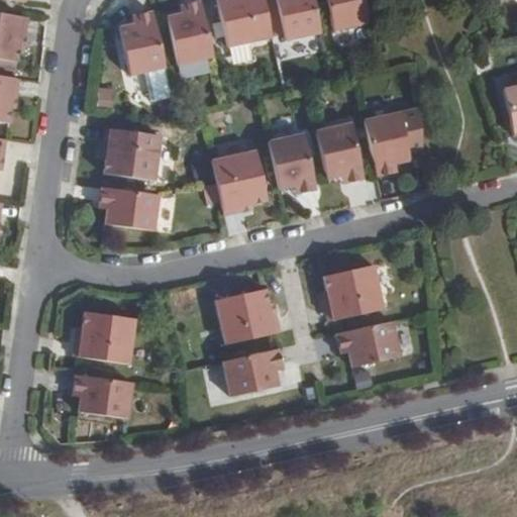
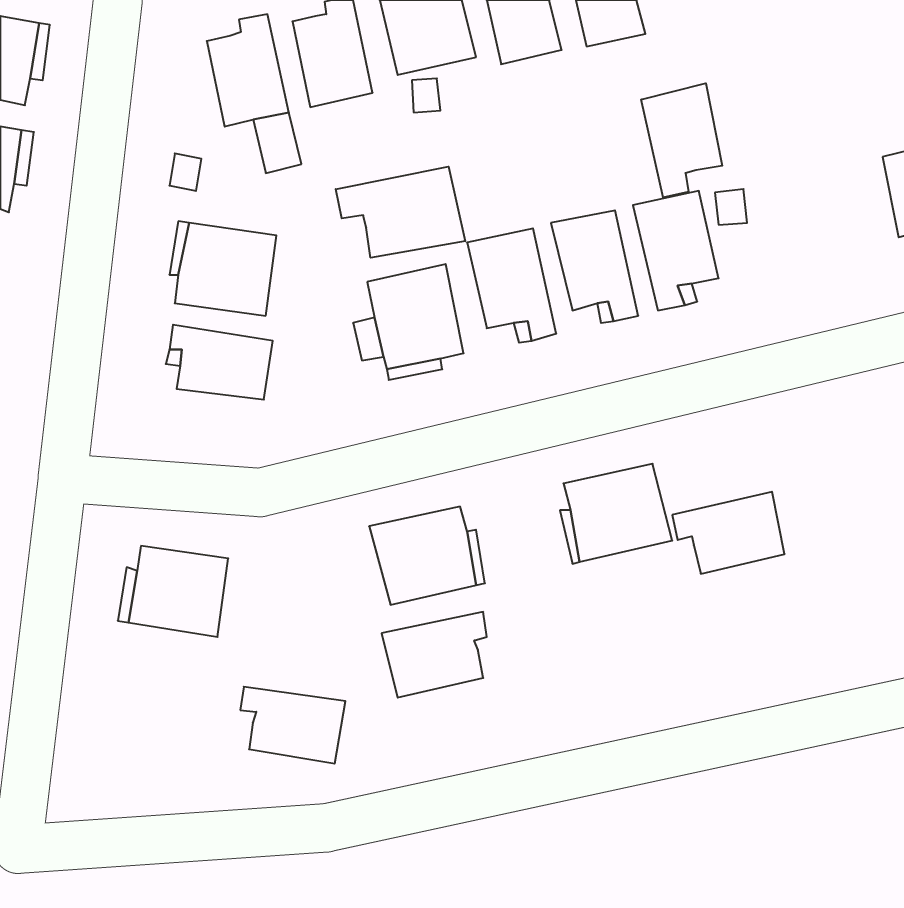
building: none -> [641,83,722,198]
building: none -> [336,167,465,258]
building: [336,321,400,368] -> [672,492,785,574]
building: [72,374,131,417] -> [240,687,345,764]

